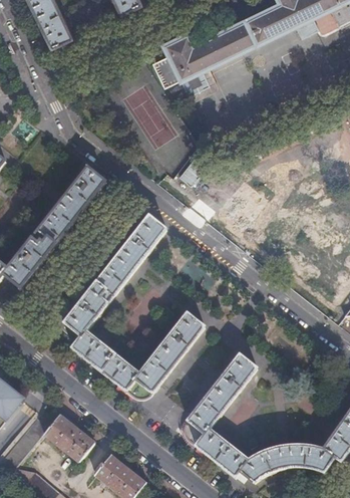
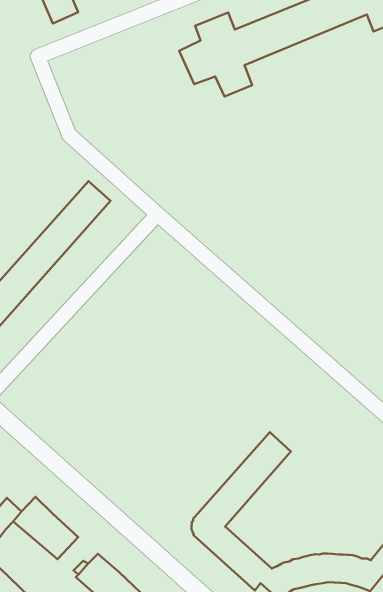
building: [62,215,203,399] -> none

